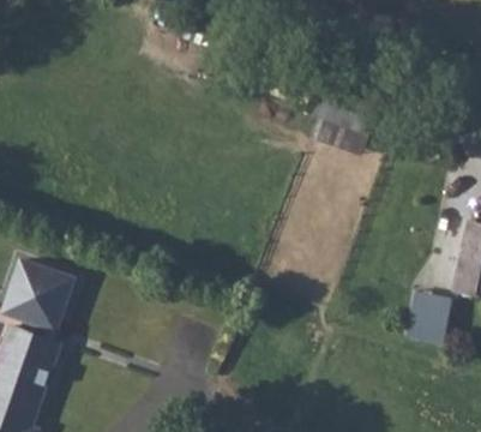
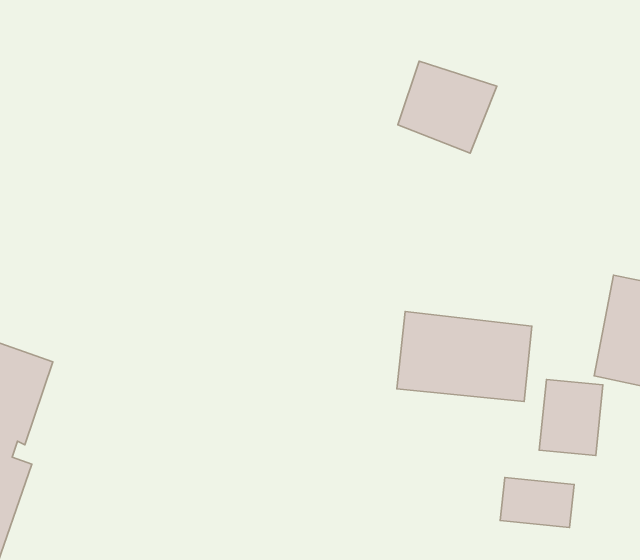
building: none -> [397,312,532,402]
building: none -> [500,478,574,527]

